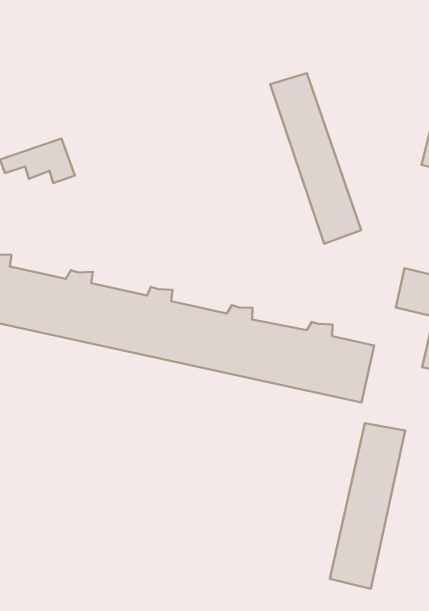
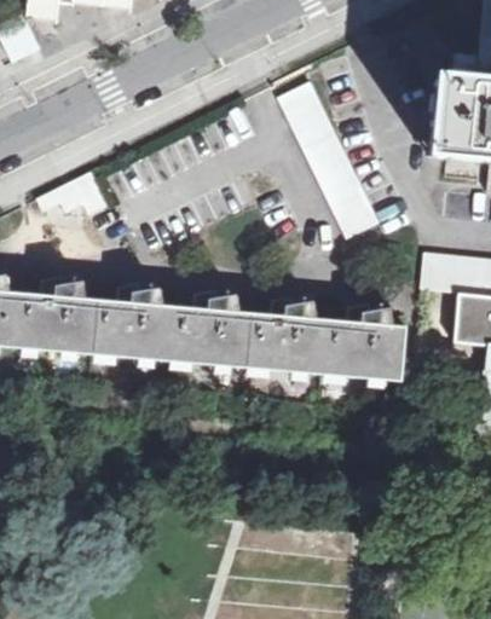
building: [330,423,405,589] -> none

